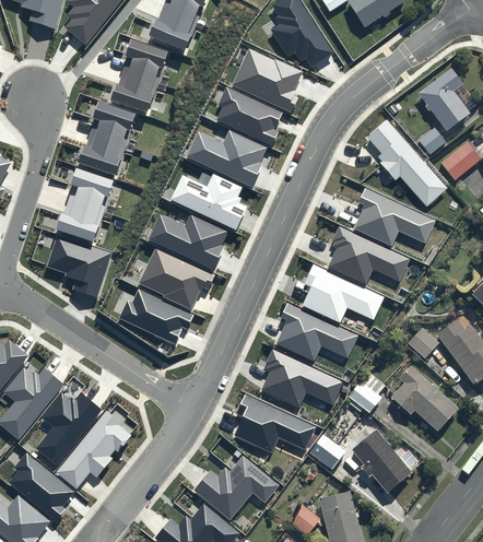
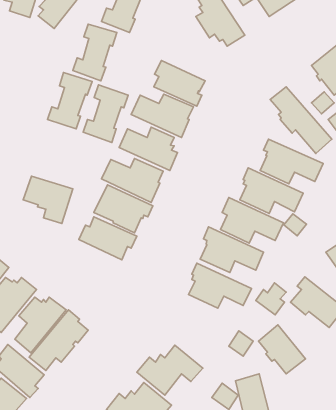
building: [231,48,302,113] -> none
building: [56,168,114,243] -> [83,85,128,142]
building: [411,329,440,357] -> [284,214,306,236]
building: [233,393,315,452] -> none

